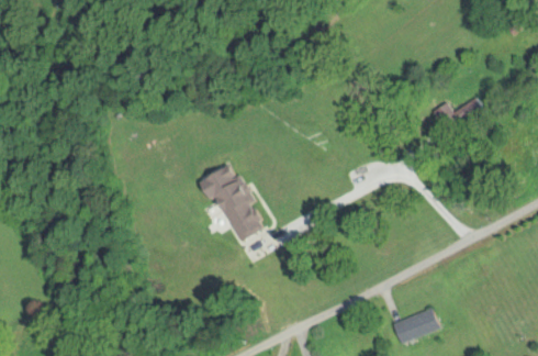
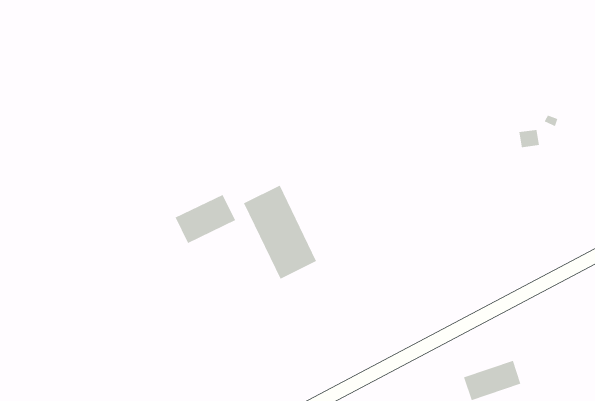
building: none -> [175,194,236,244]

